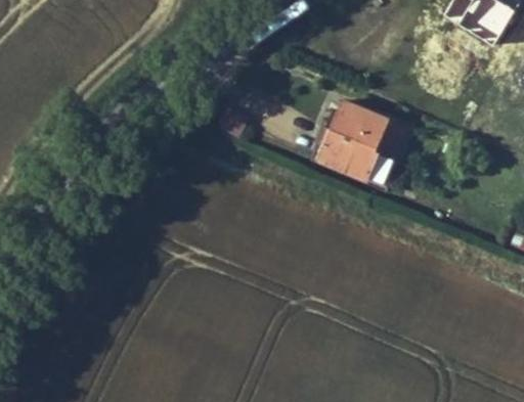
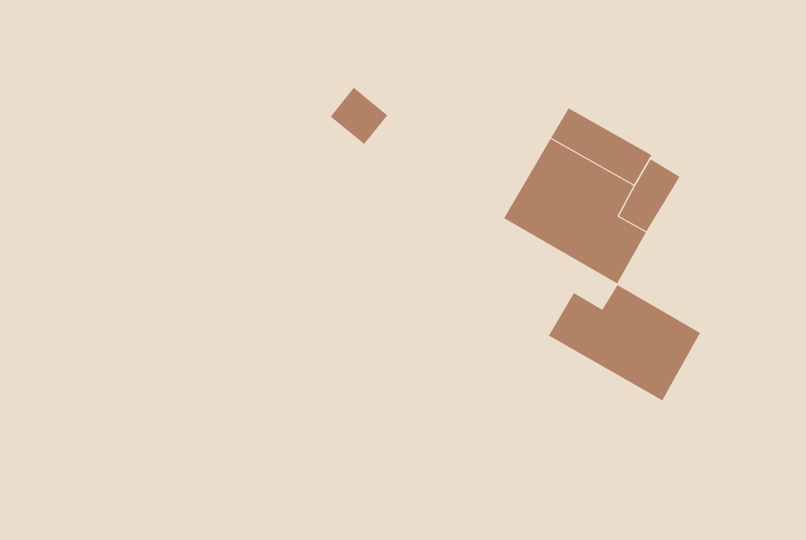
building: none -> [548,284,701,401]

